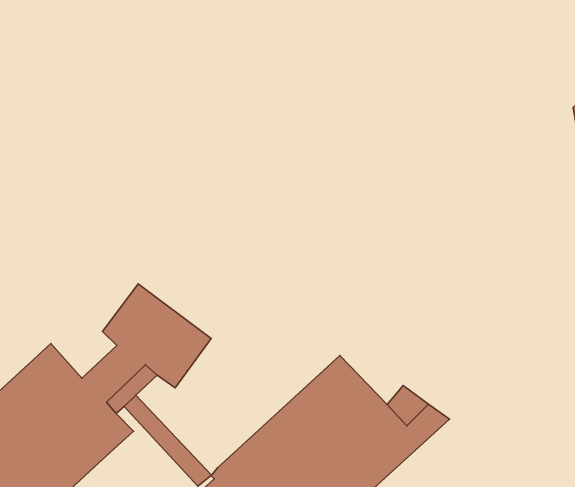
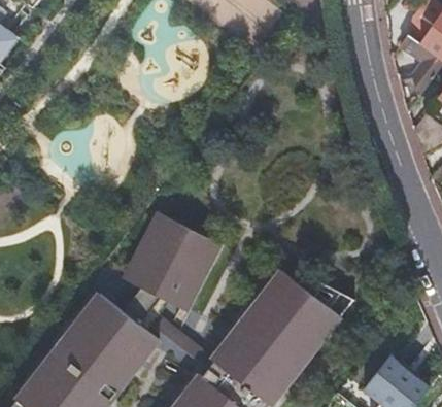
building: none -> [147,227,209,276]

